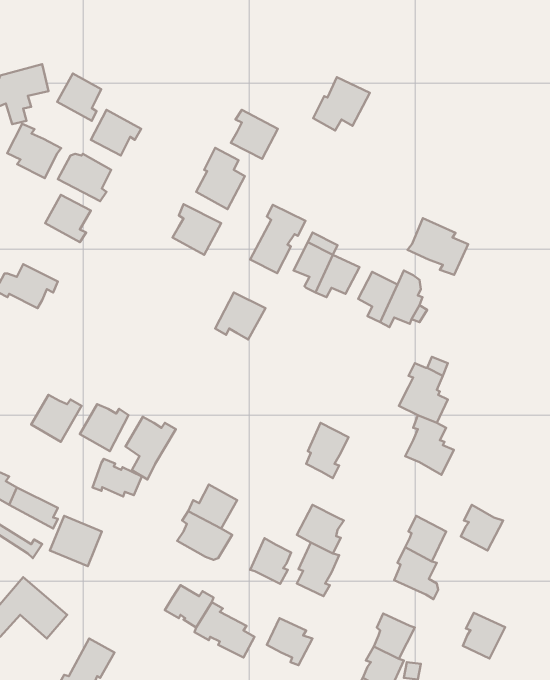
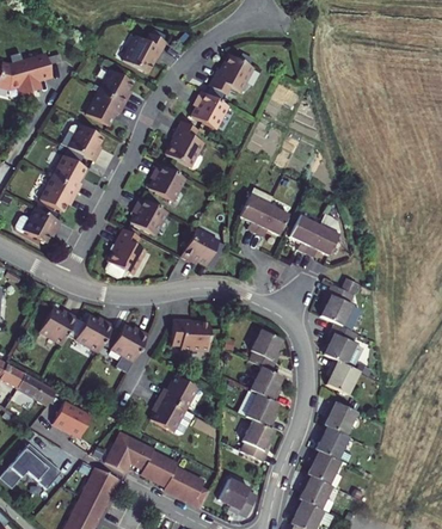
building: none -> [123,35,167,74]
building: [57,74,101,121] -> [97,70,130,106]
building: [313,77,370,131] -> [209,55,252,96]
building: [7,124,61,178] -> none
building: [250,205,305,273] -> none
building: [408,218,468,275] -> none
building: none -> [38,178,76,213]
building: none -> [130,197,166,235]
building: none -> [105,228,143,278]
building: none -> [172,319,209,349]
building: [93,459,142,496] -> none
building: [461,505,503,551] -> [326,359,358,394]
building: [250,538,291,584] -> [250,367,281,401]
building: none -> [106,431,155,468]
building: none -> [84,463,118,504]
building: [463,613,505,658] -> [307,449,339,484]

